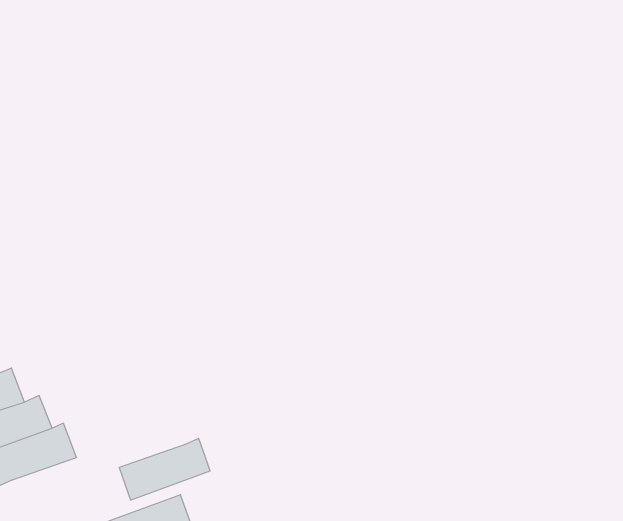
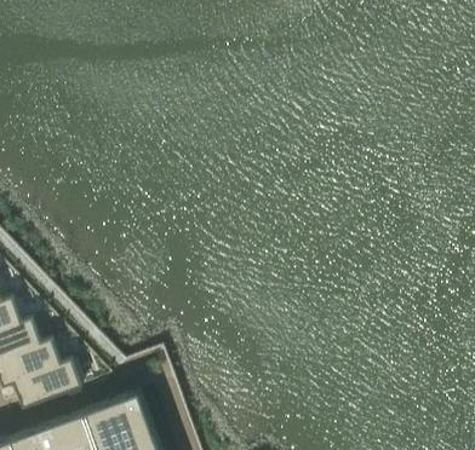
building: [119,438,210,500] -> [12,360,80,406]

